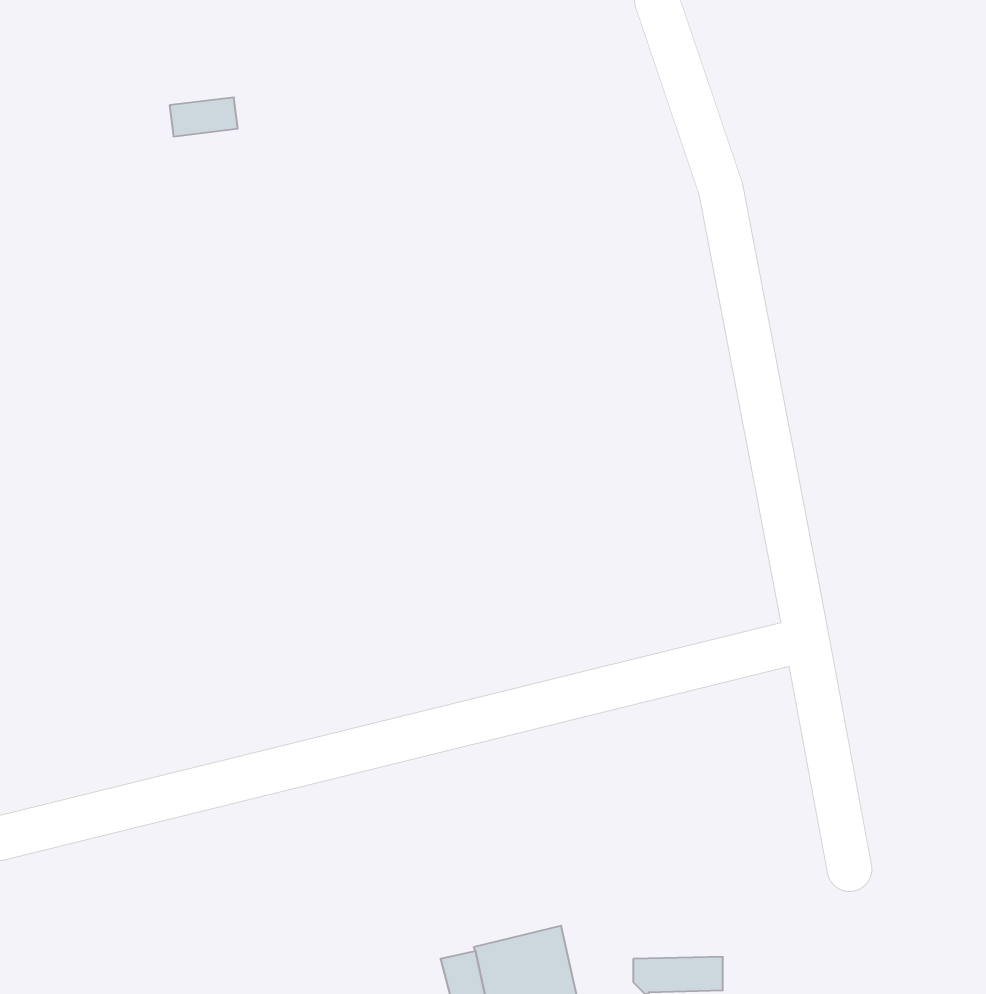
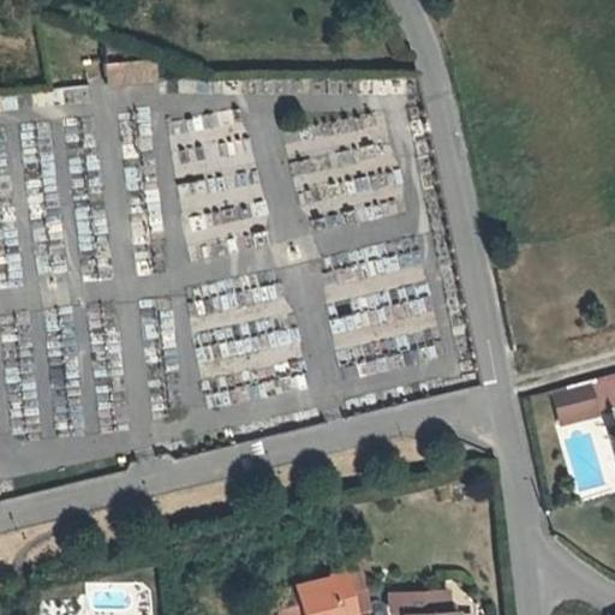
building: none -> [560,388,602,429]

